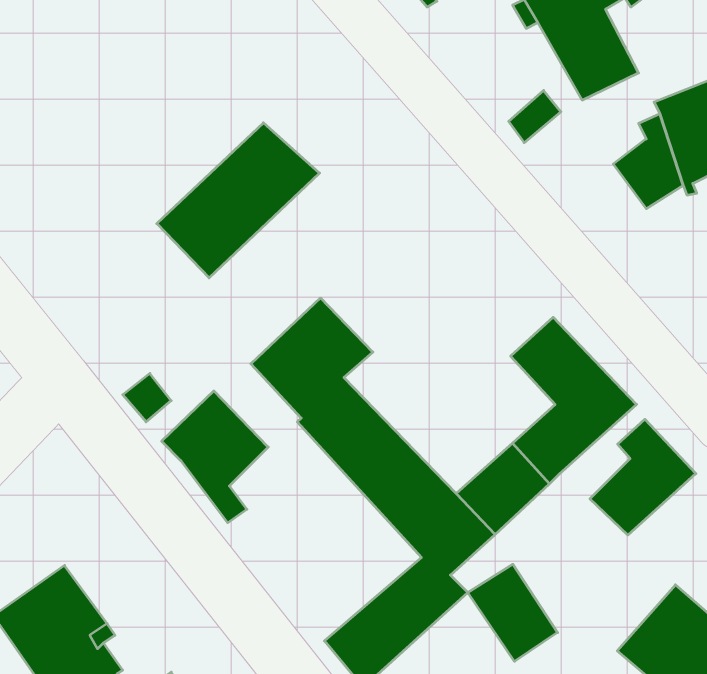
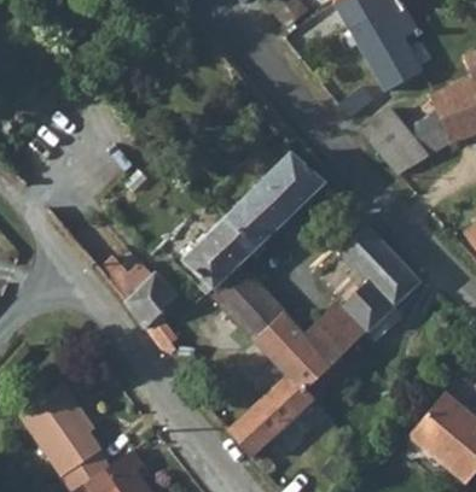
building: [157,123,320,278] -> [224,152,325,248]
building: none -> [361,110,426,175]
building: [590,419,696,535] -> none
building: [468,564,558,661] -> none

